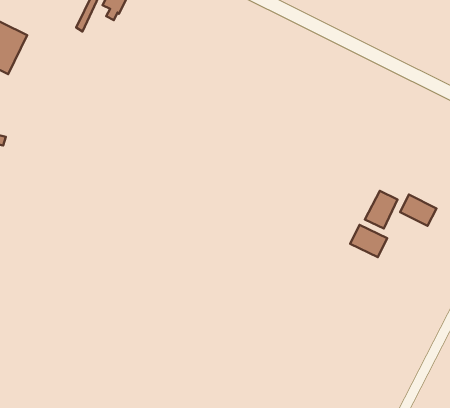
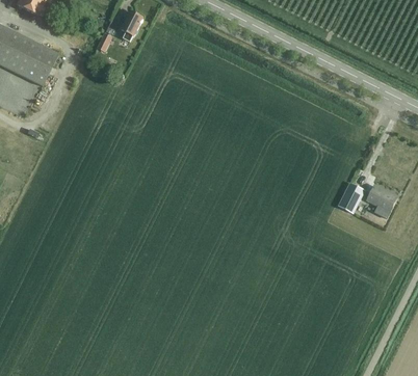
building: [350,225,387,257] -> none

